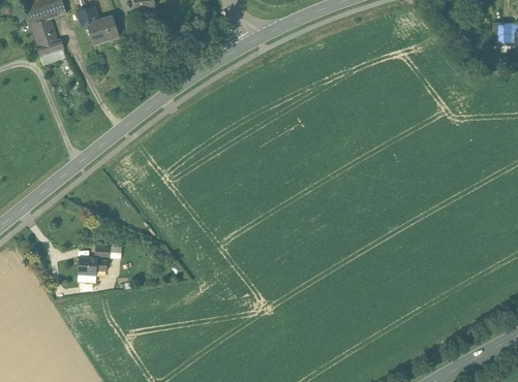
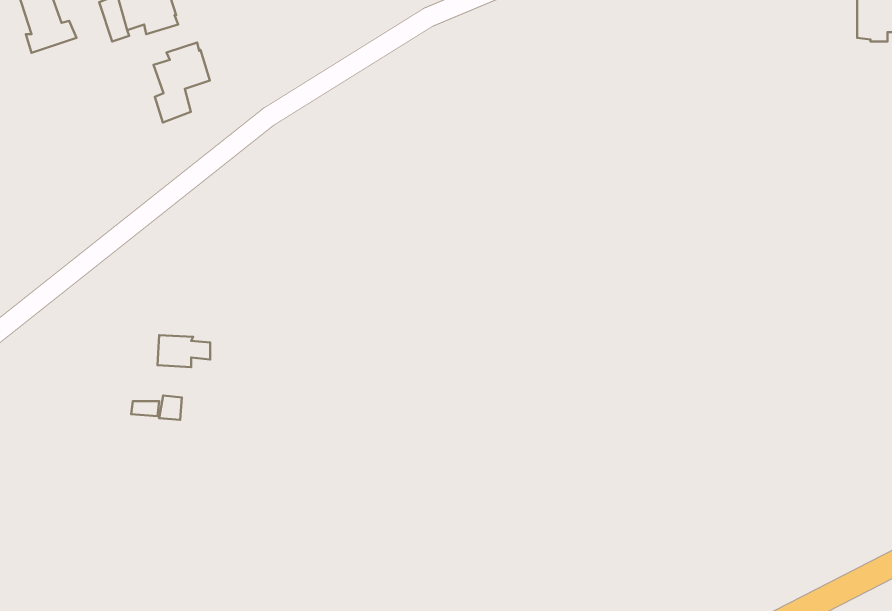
building: none -> [153,42,210,122]
building: [78,256,106,274] -> [157,335,210,367]

